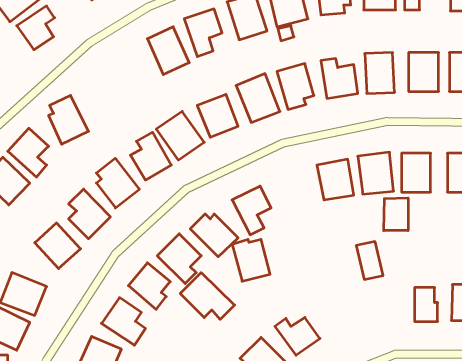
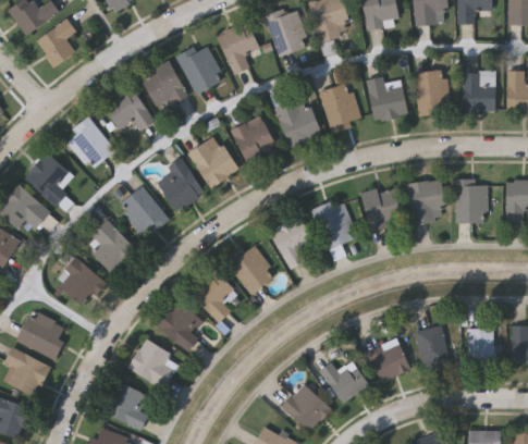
building: none -> [143,62,187,110]
building: none -> [103,87,155,131]
building: [384,198,408,231] -> none
building: [232,239,270,281] -> [314,203,355,249]
building: [356,242,383,279] -> [418,325,447,367]
building: [180,273,235,319] -> none
building: none -> [366,337,408,380]

